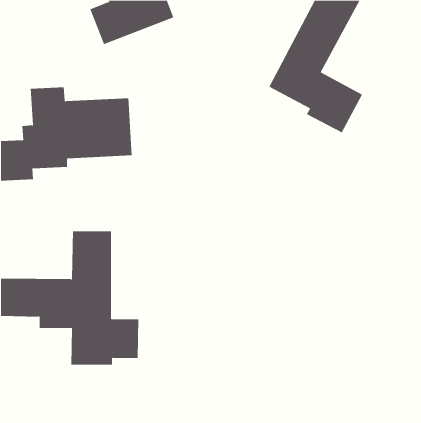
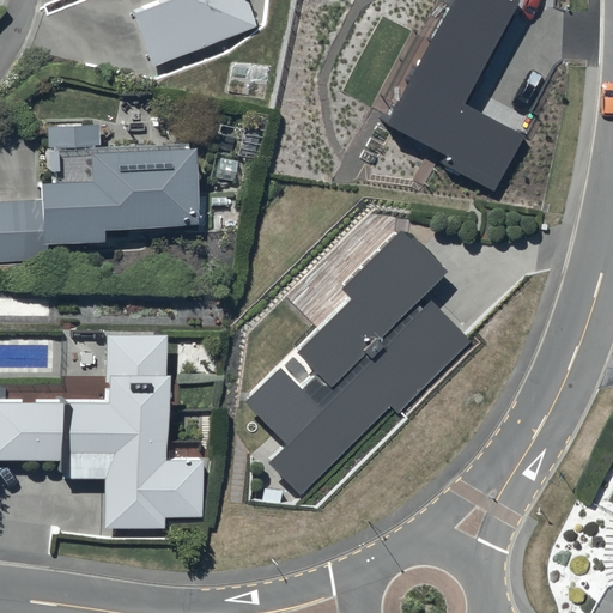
building: none -> [238,223,468,496]

